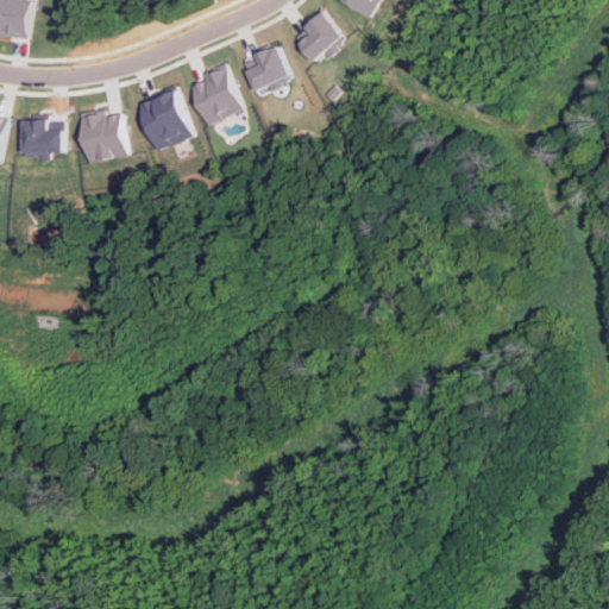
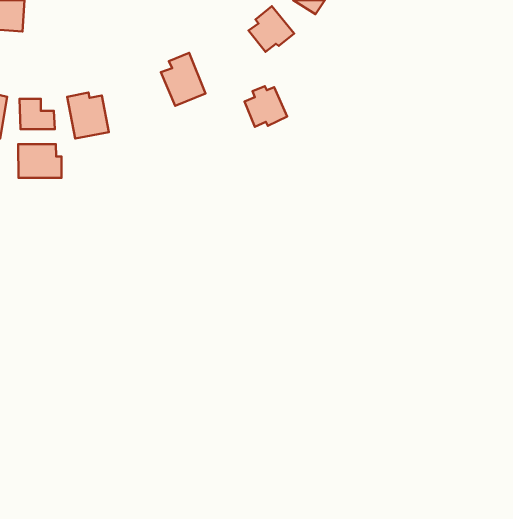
building: [240,44,290,92] -> [245,86,287,127]
building: [138,86,192,150] -> none
building: none -> [18,144,61,178]

